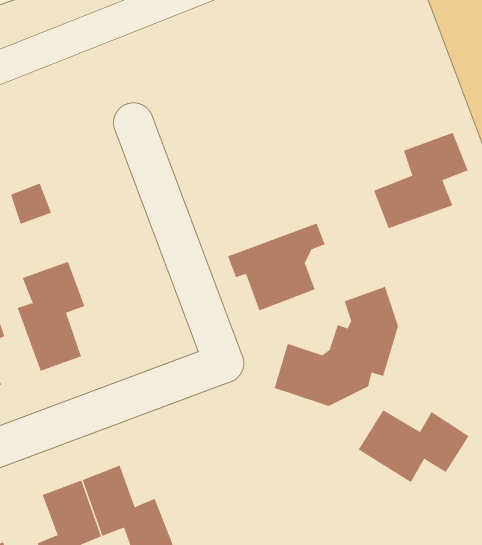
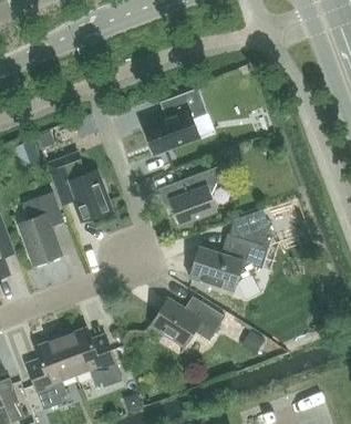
building: [373,132,468,229] -> [144,89,207,153]
building: none -> [47,153,109,223]
building: [358,409,470,483] -> [149,299,224,348]

